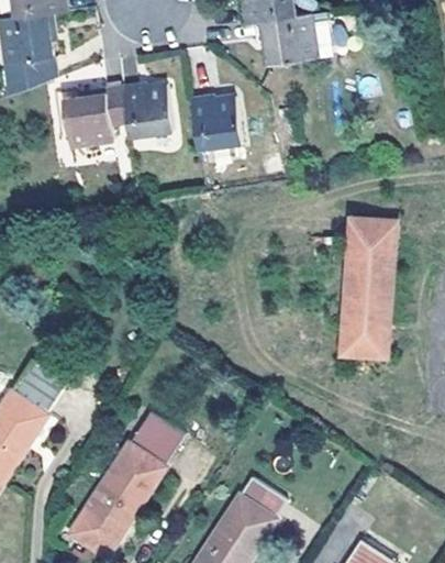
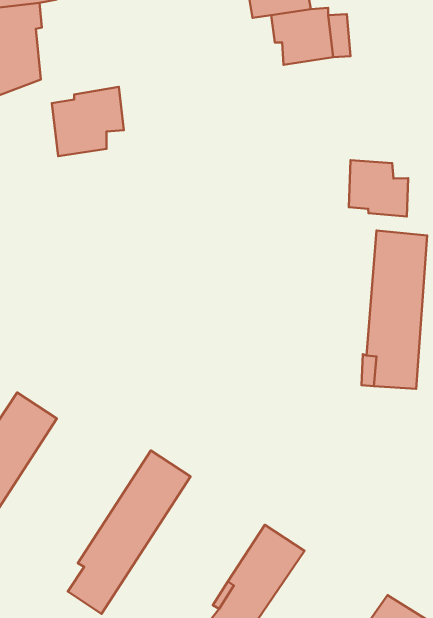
building: [122,85,169,139] -> none
building: [191,98,238,152] -> none
building: none -> [349,160,408,216]

